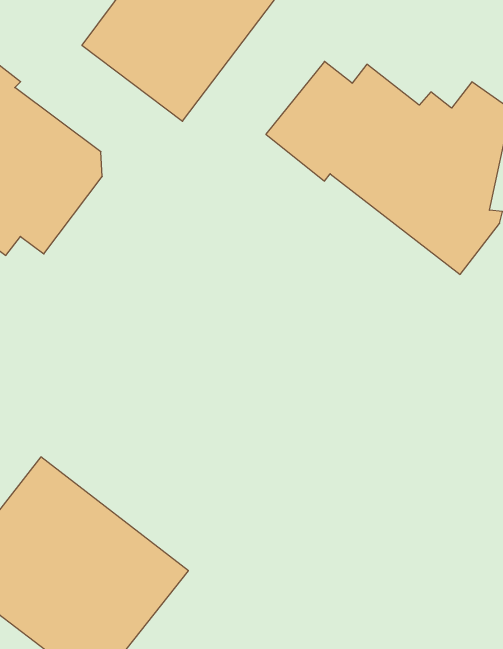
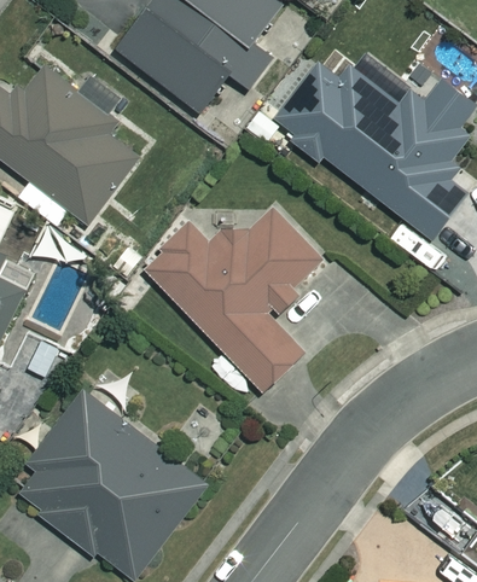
building: none -> [142,206,322,391]

